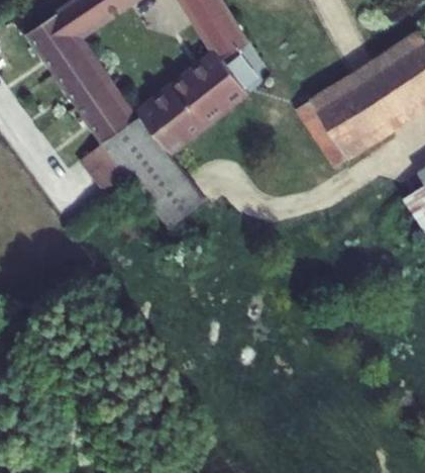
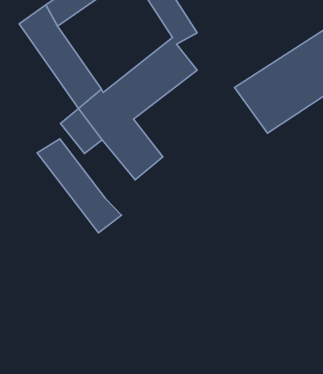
building: none -> [37,139,121,233]

